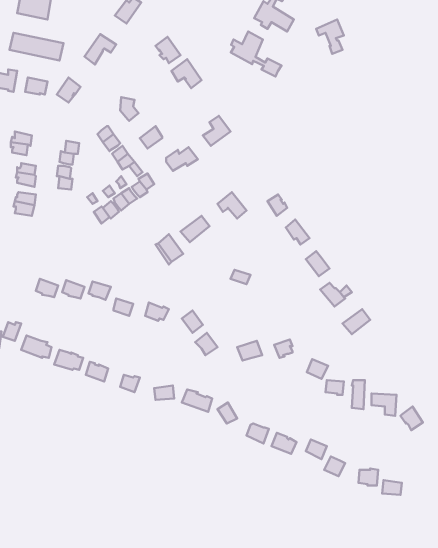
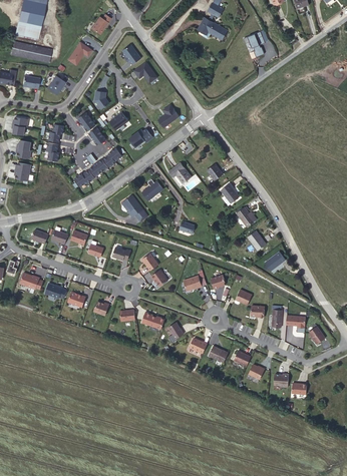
building: [231,32,281,77] -> none

